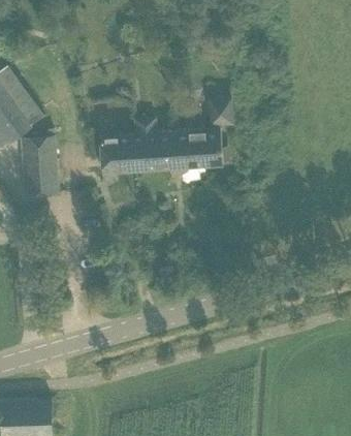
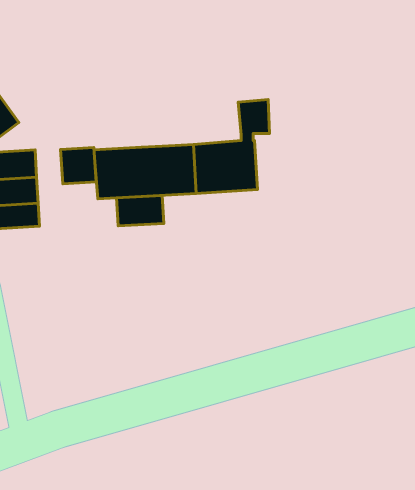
building: none -> [60,147,96,184]
building: none -> [117,195,164,226]

